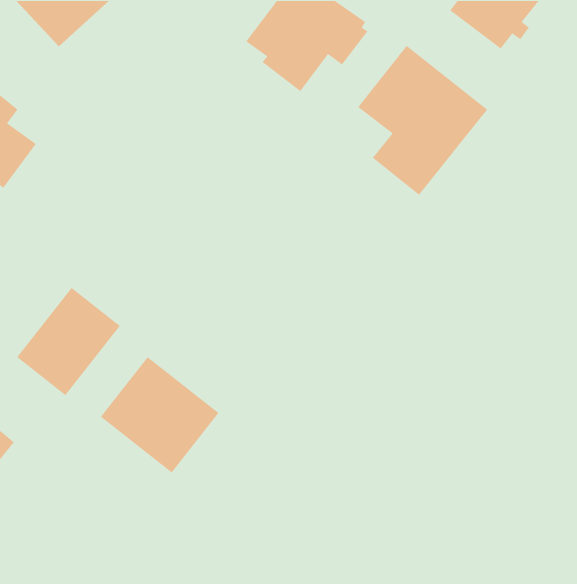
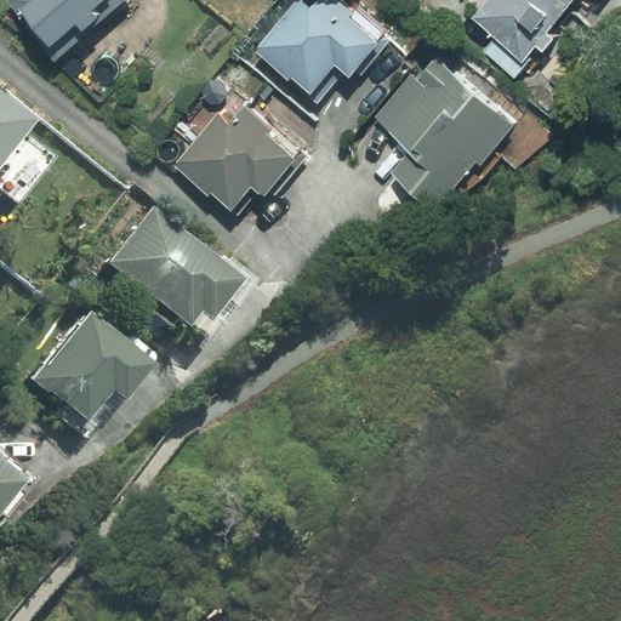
building: none -> [181,101,307,206]
building: none -> [98,207,220,324]
building: [100,356,220,474] -> none

